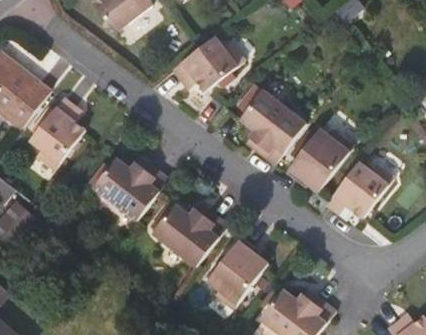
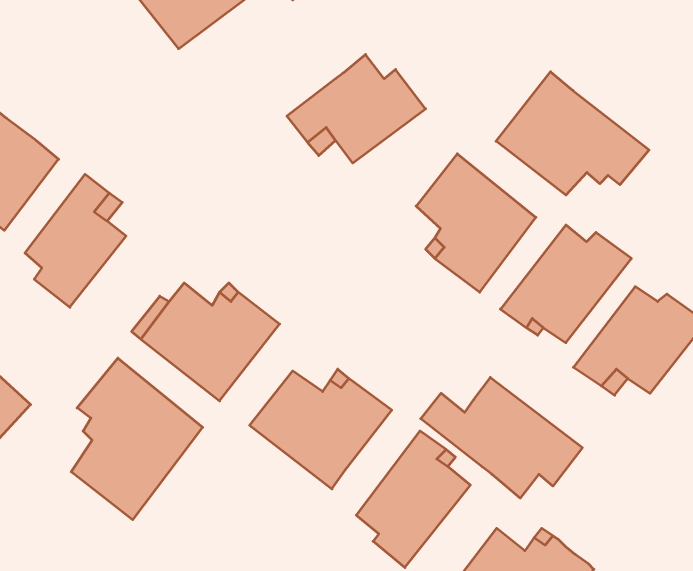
building: none -> [496,72,649,195]
building: none -> [71,358,203,520]
building: none -> [421,377,582,498]

